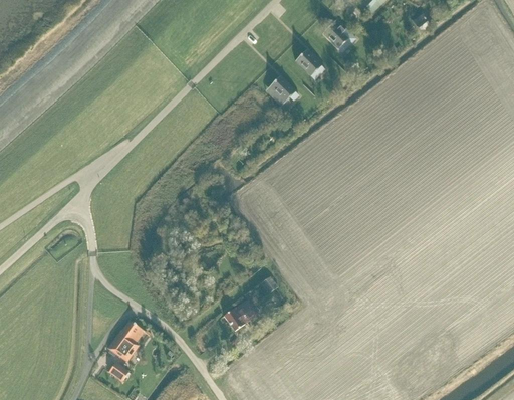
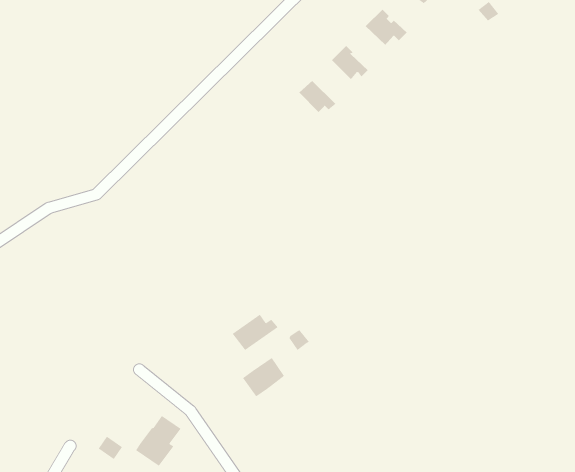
building: none -> [232,314,279,351]
building: [106,320,144,361] -> [135,415,182,466]

